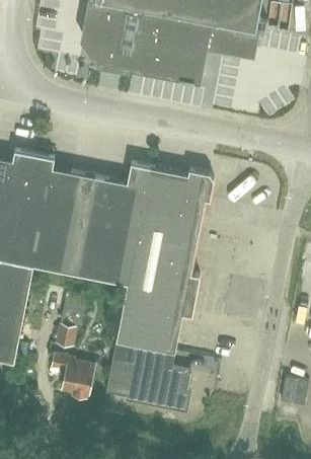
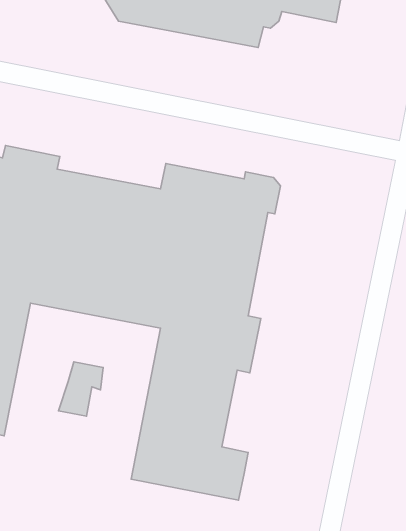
building: [52,355,94,397] -> none

